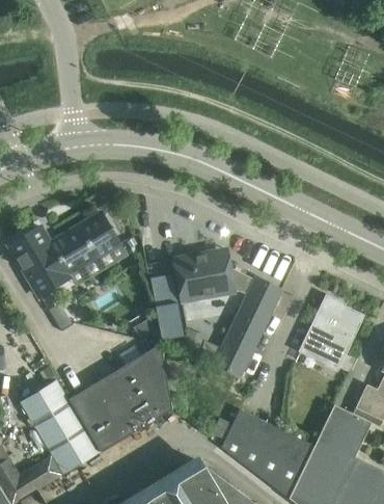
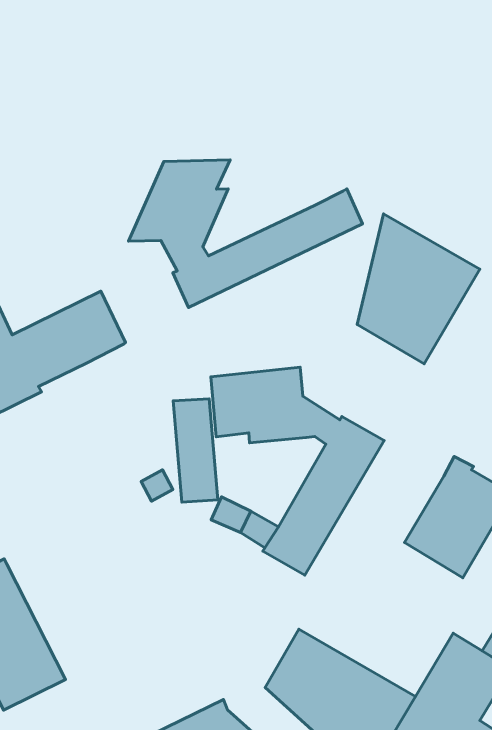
building: none -> [128,160,362,307]
building: none -> [357,214,480,364]
building: [70,344,172,452] -> none

